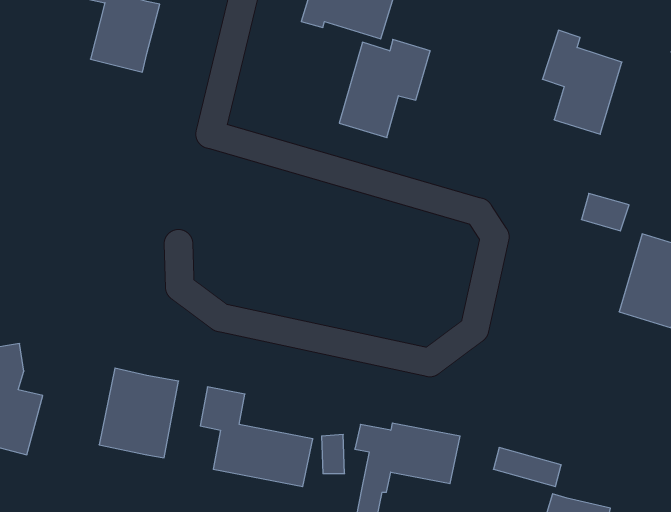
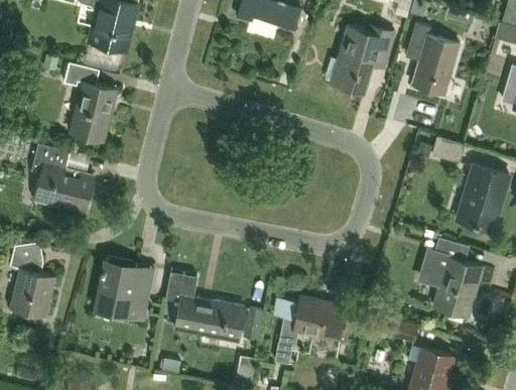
building: [339,39,430,138] -> [332,24,395,93]
building: none -> [63,62,116,141]
building: none -> [31,143,95,212]
building: none -> [422,238,484,315]

